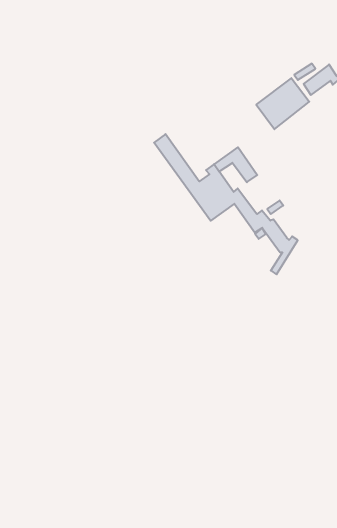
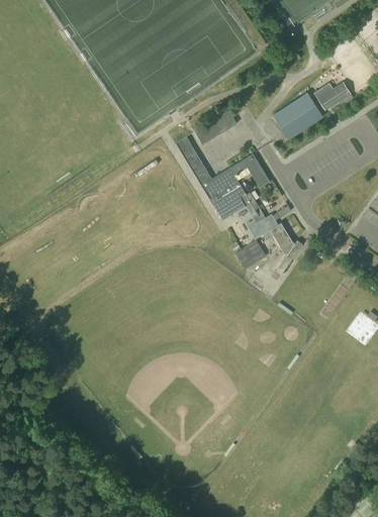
building: none -> [194,111,237,145]
building: none -> [234,241,266,270]

